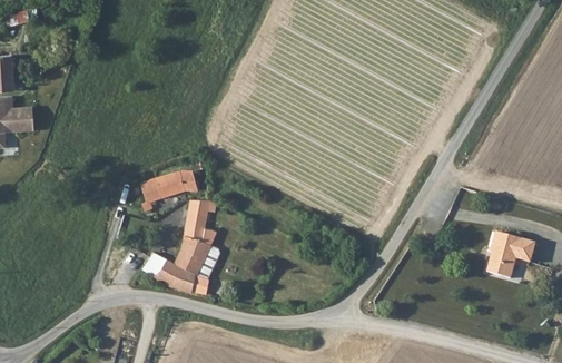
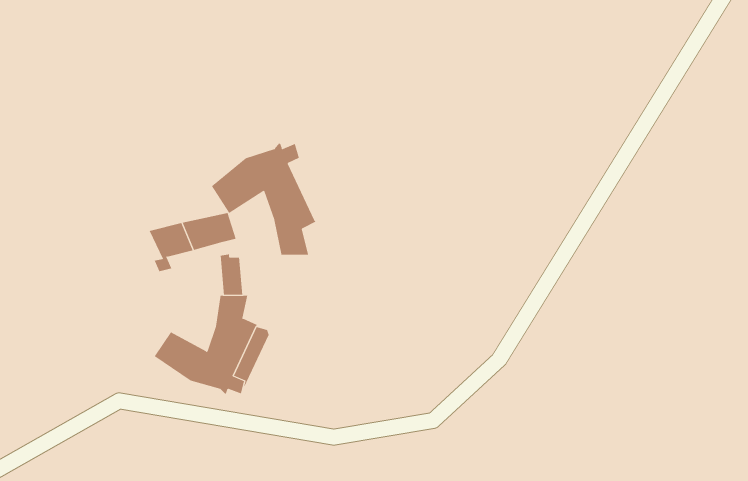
building: none -> [211,143,317,256]
building: [487,233,523,278] -> none

